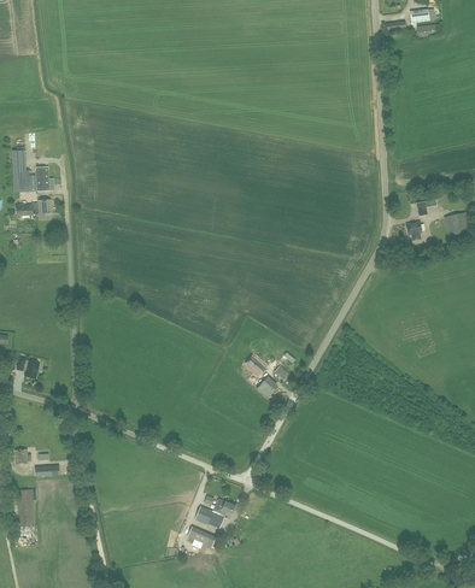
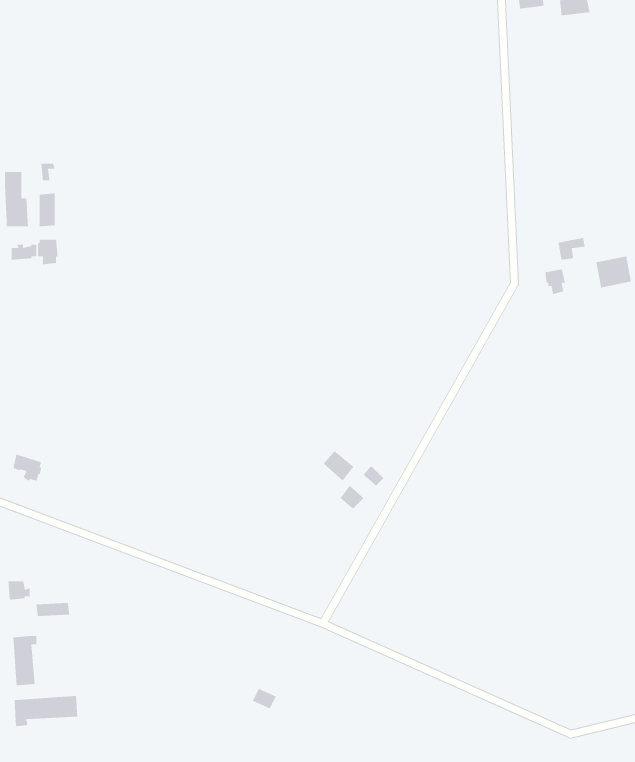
building: [195,498,238,528] -> none
building: none -> [14,695,78,727]

